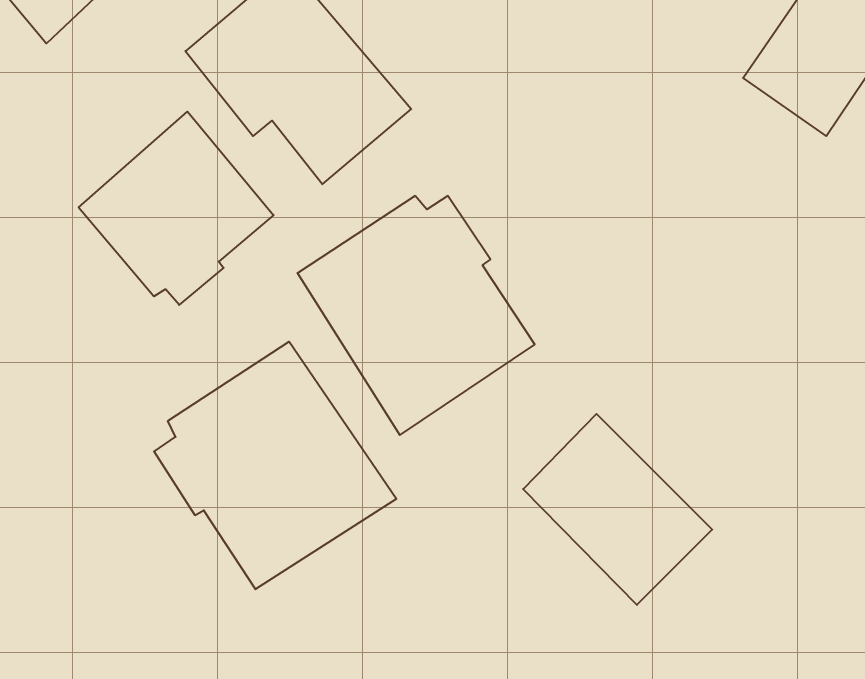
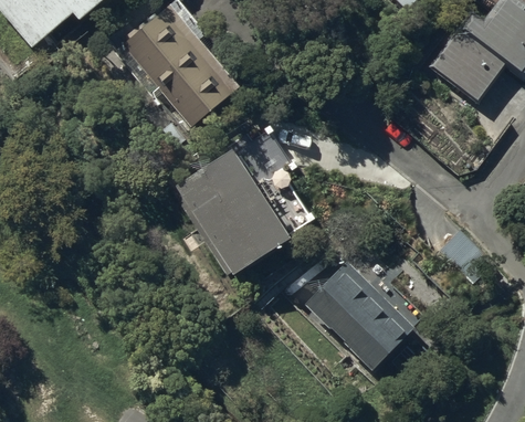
building: [79,112,274,305] -> none
building: [154,342,396,589] -> none

